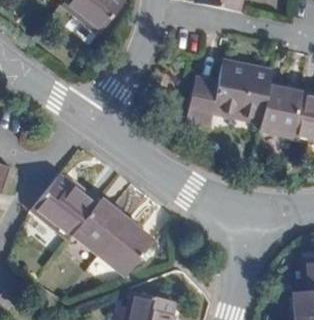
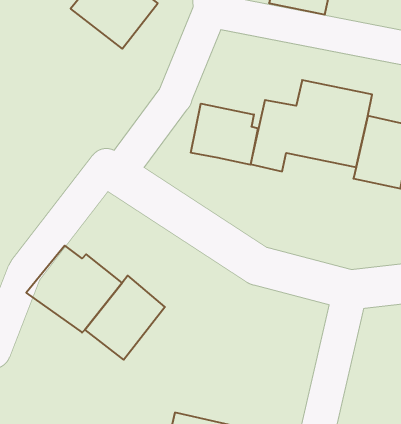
building: none -> [191,104,258,165]
building: [98,217,155,274] -> none

